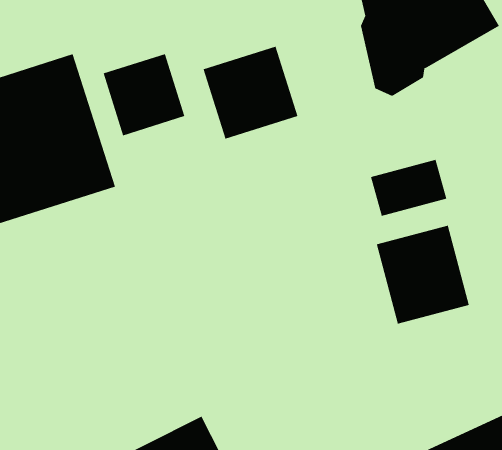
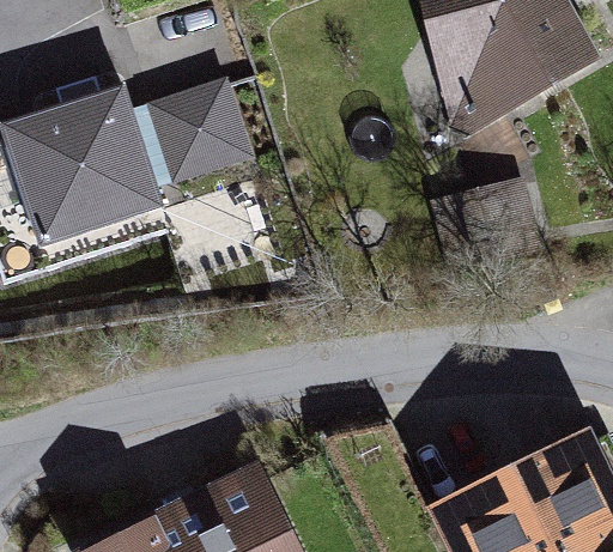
building: [203,46,298,140] -> none
building: [376,225,470,325] -> none

